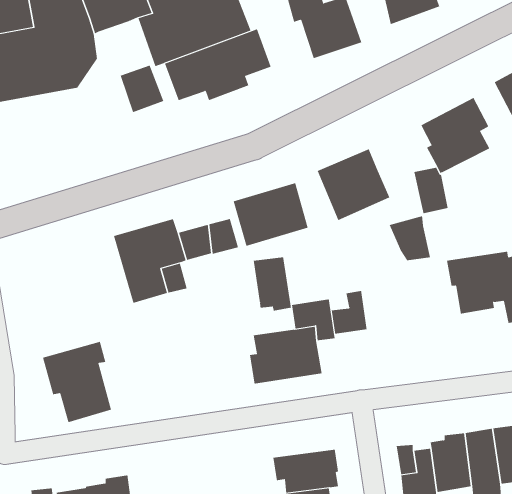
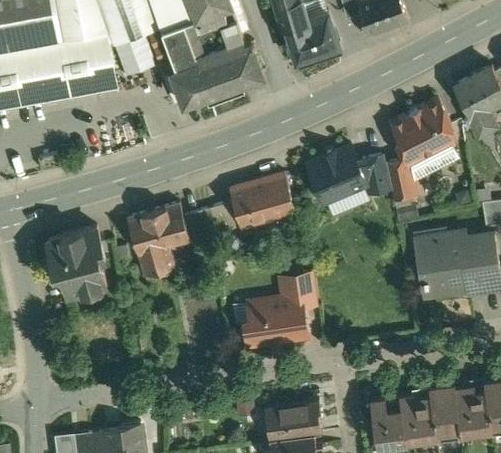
building: [120,65,164,113] -> [115,34,153,75]
building: [389,215,431,261] -> [355,154,391,193]
building: [253,256,292,311] -> none
building: [331,290,367,334] -> none
building: [42,341,112,423] -> [46,226,106,296]

